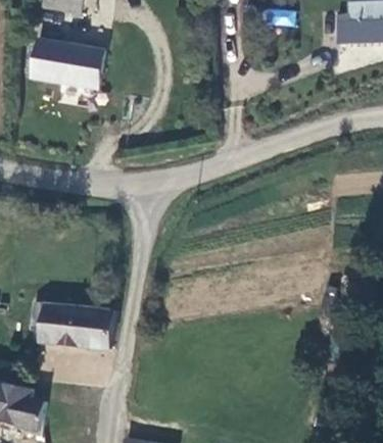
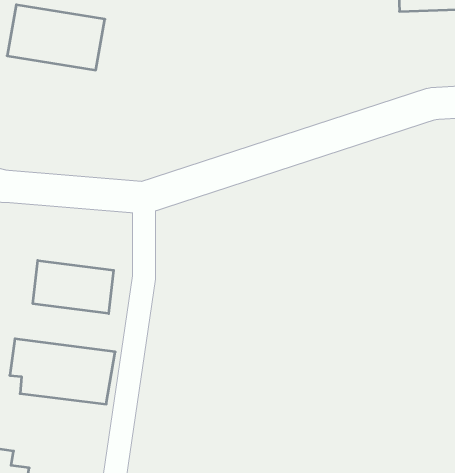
building: none -> [33,260,114,314]

